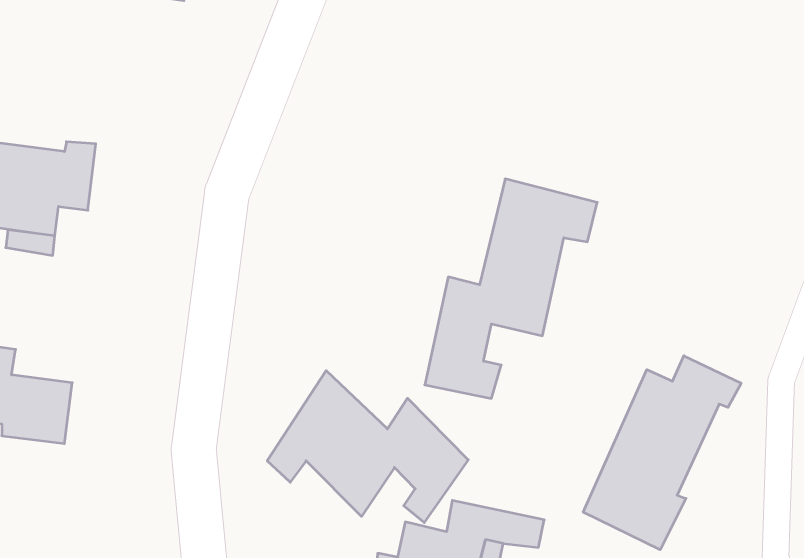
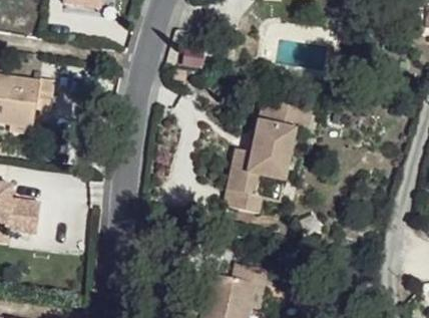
building: [583,356,741,550] -> none
building: [267,371,468,523] -> none

